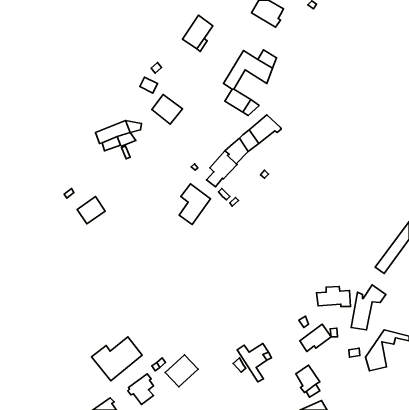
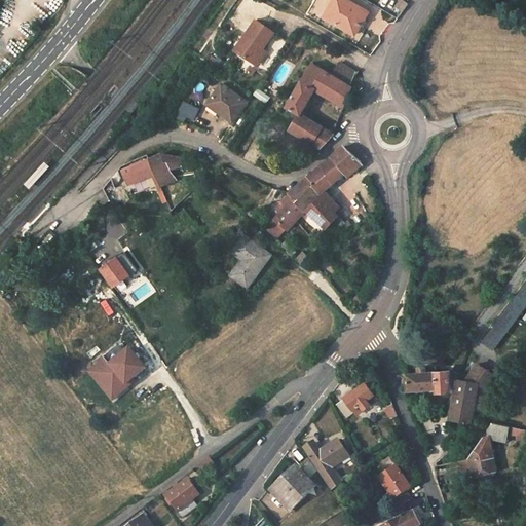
building: [152,94,182,124] -> [205,84,245,122]
building: none -> [304,192,341,229]
building: [300,324,331,351] -> [335,383,375,418]
building: [92,337,142,381] -> [85,345,150,402]
building: [165,355,198,387] -> [271,468,313,510]

